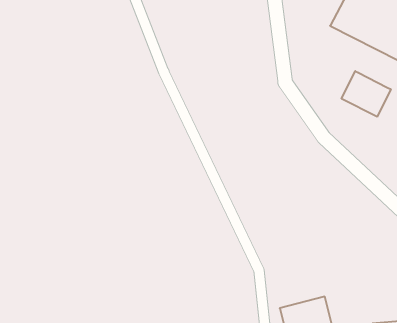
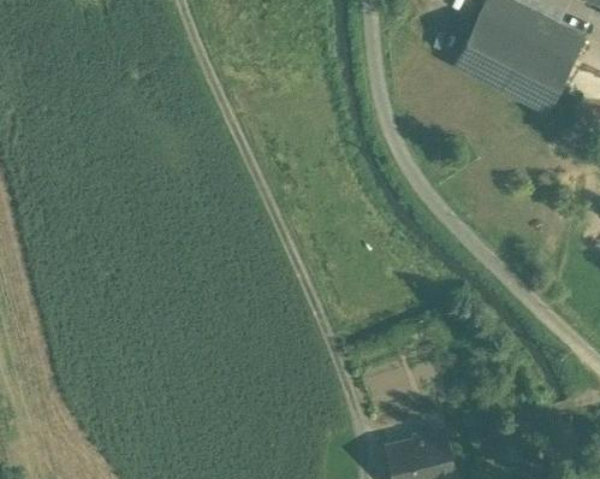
building: [342,71,391,117] -> none

